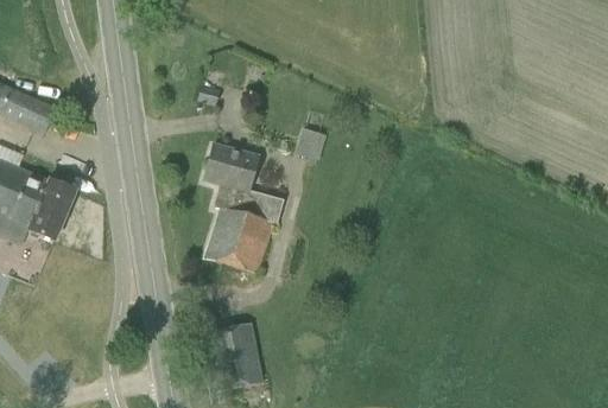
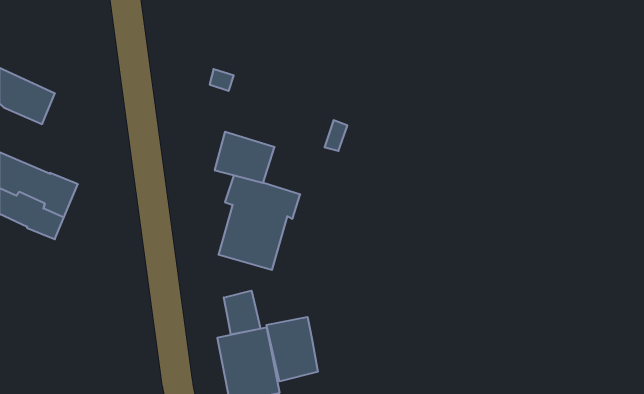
building: none -> [224,291,260,335]
building: none -> [266,317,318,381]

